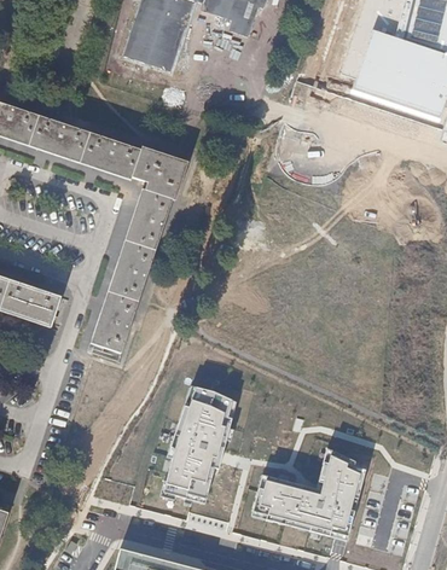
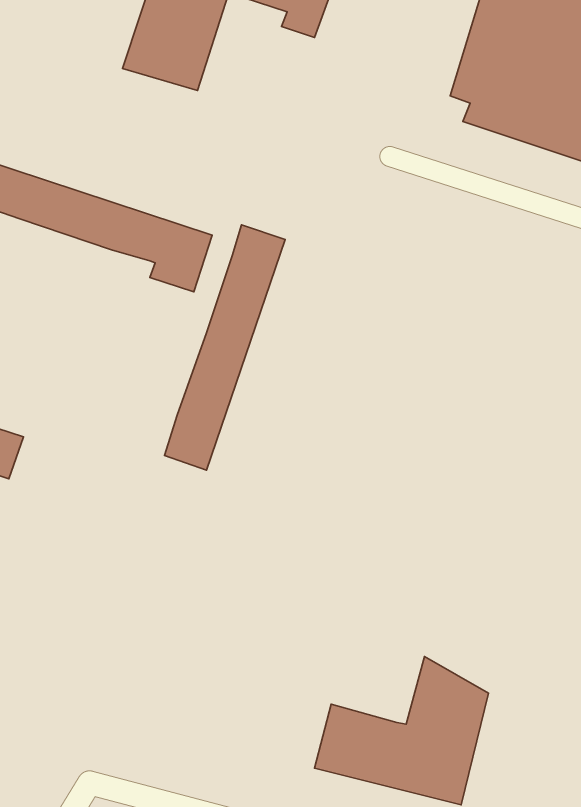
building: [92,191,172,353] -> [164,225,285,470]
building: [159,384,233,502] -> none

